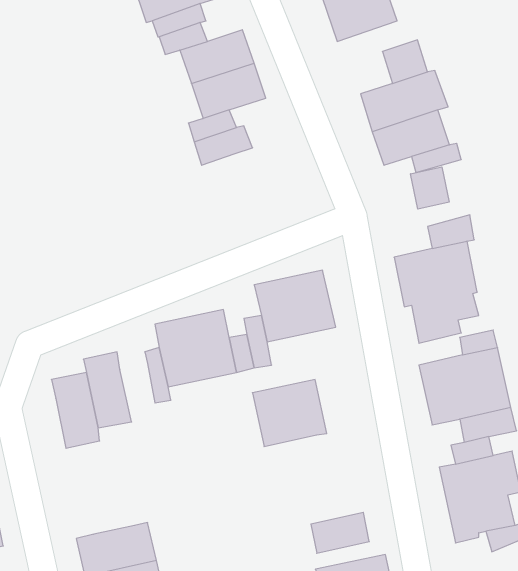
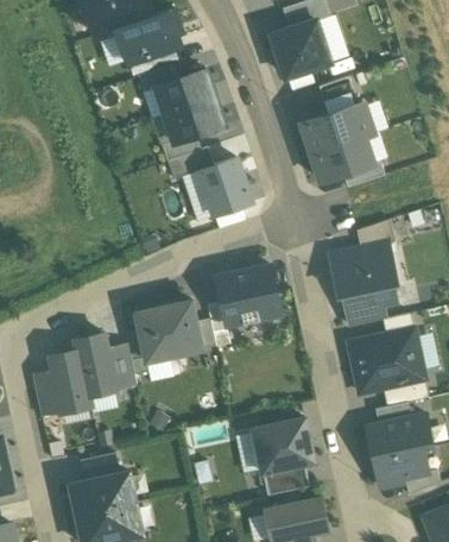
building: none -> [200,159,251,215]
building: [411,167,449,209] -> none
building: none -> [106,342,137,390]
building: [252,380,327,447] -> [252,418,312,473]
building: none -> [32,371,62,415]
building: none -> [80,454,118,481]

